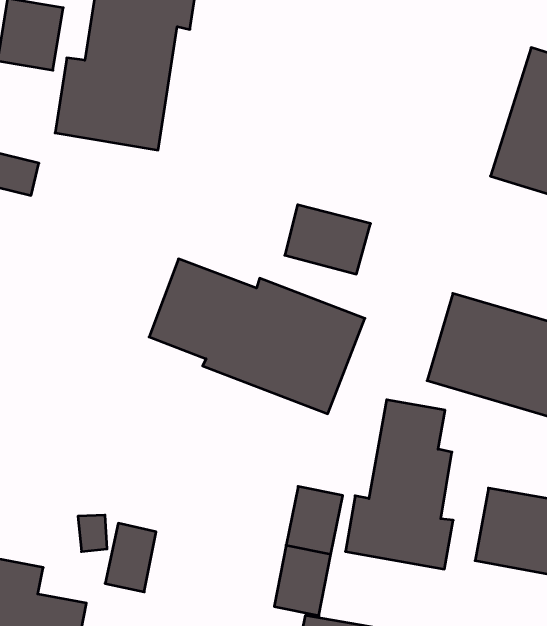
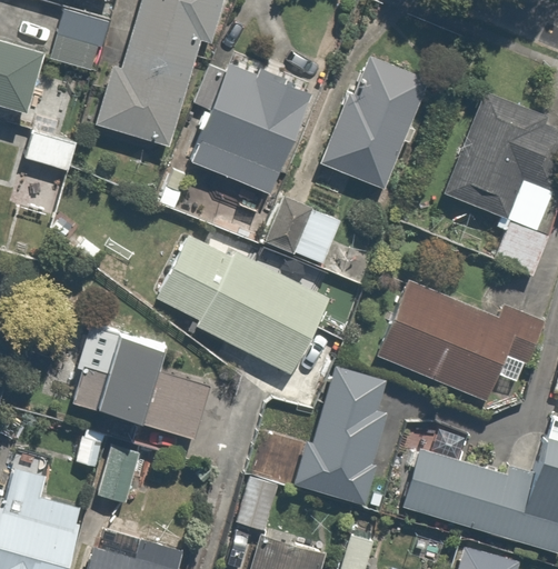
building: none -> [315,50,430,197]
building: none -> [188,63,310,193]
building: none -> [89,333,211,441]

